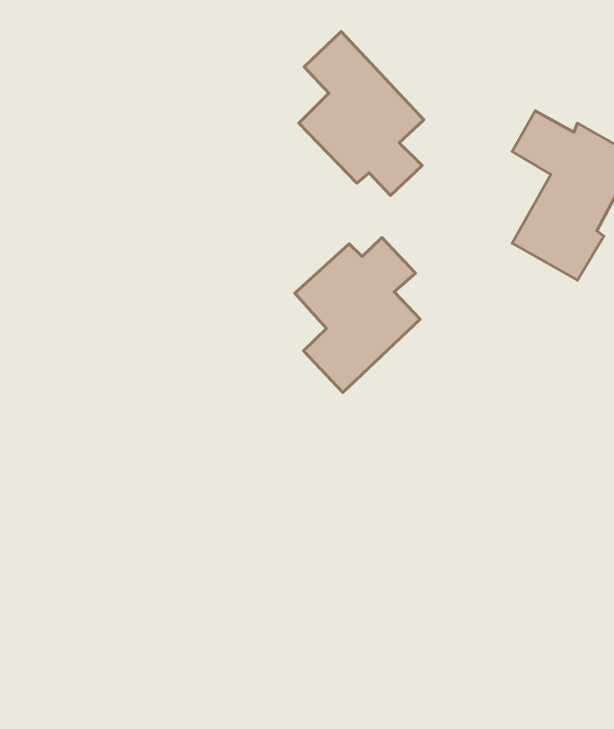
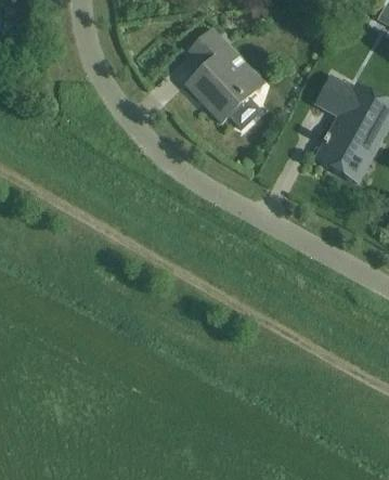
building: [295,237,420,393] -> none

